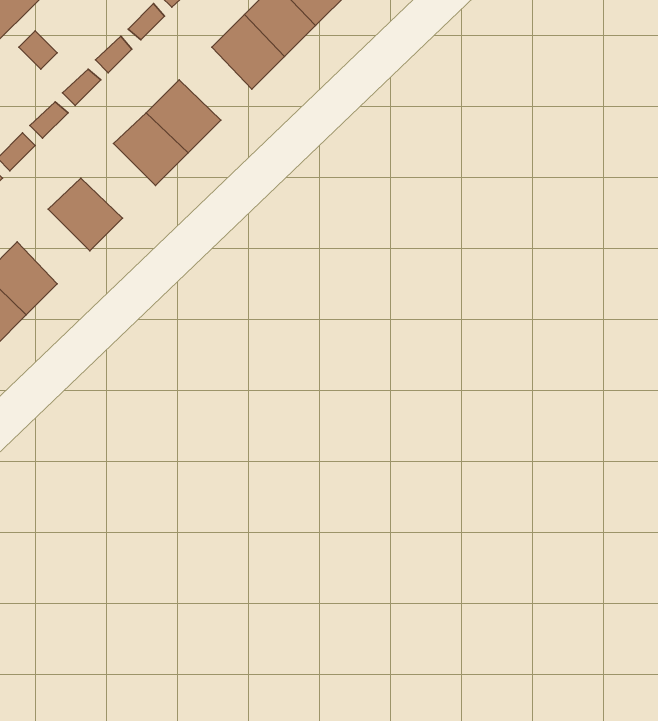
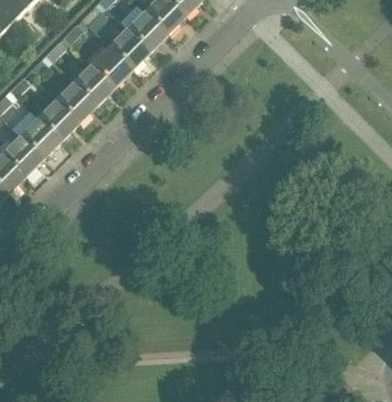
building: none -> [108,29,148,69]
building: none -> [54,82,95,123]
building: none -> [19,118,59,159]

